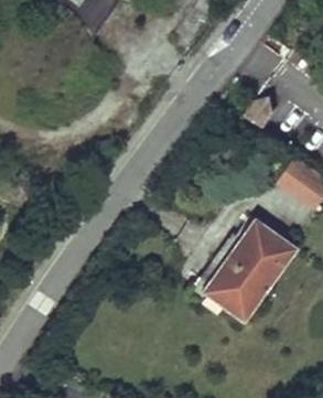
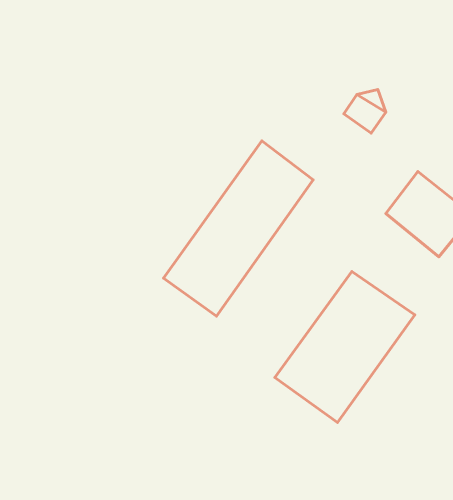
building: none -> [163,141,313,316]

